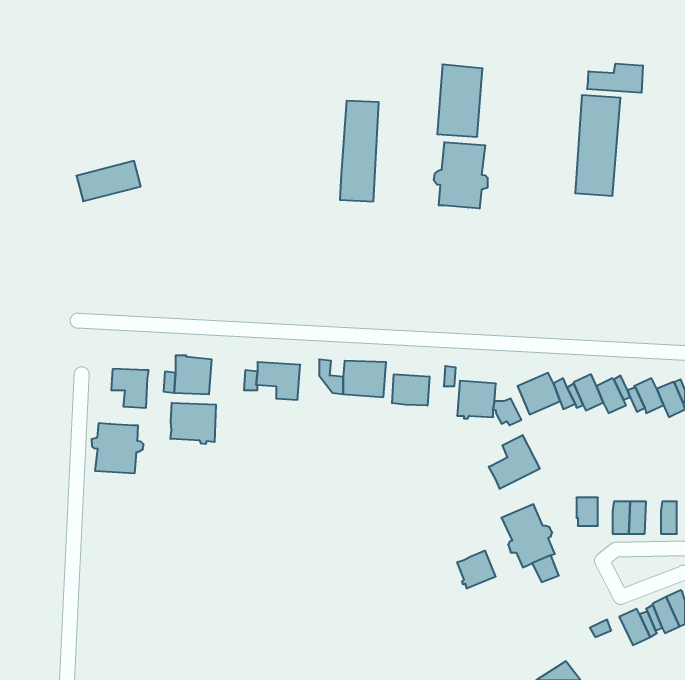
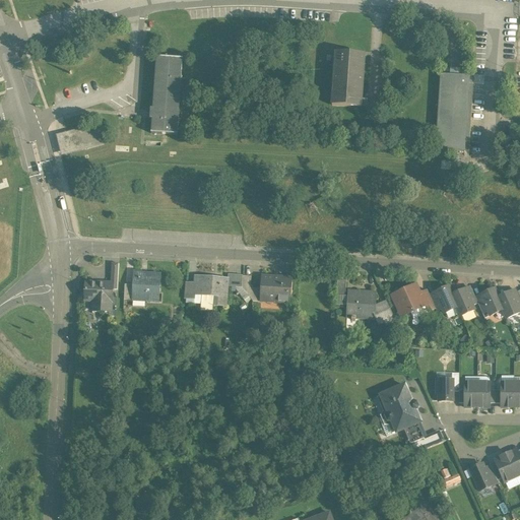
building: [587,64,643,93] -> none
building: [340,101,379,201] -> [152,55,182,131]
building: [434,142,488,209] -> none
building: [392,374,429,406] -> none
building: [170,403,216,444] -> none
building: [92,423,143,473] -> none
building: [489,435,540,489] -> none
building: [457,551,496,589] -> none

